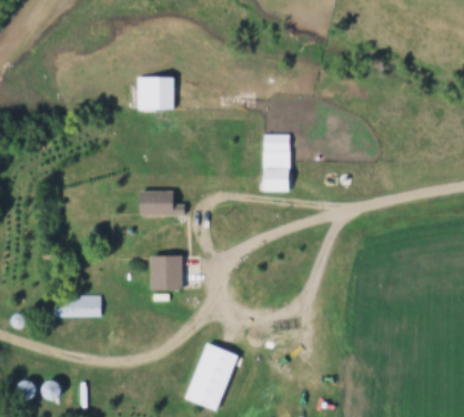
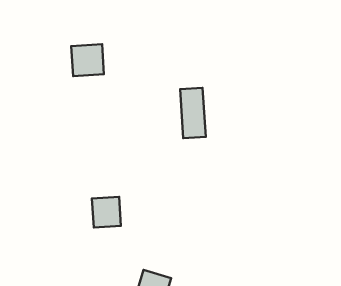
building: [139,190,174,214] -> none
building: [54,296,101,317] -> none

